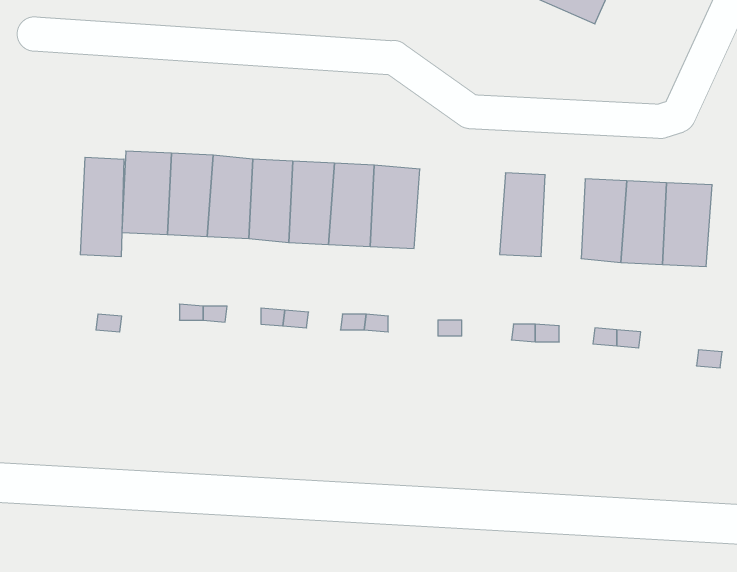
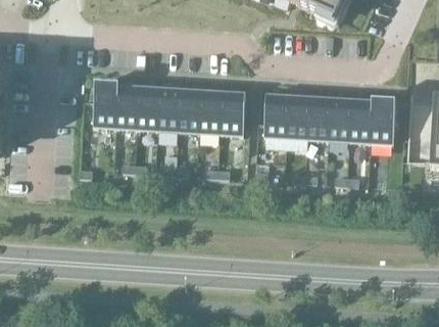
building: [80,157,124,257] -> none
building: none -> [262,96,289,139]
building: none -> [307,98,330,141]

